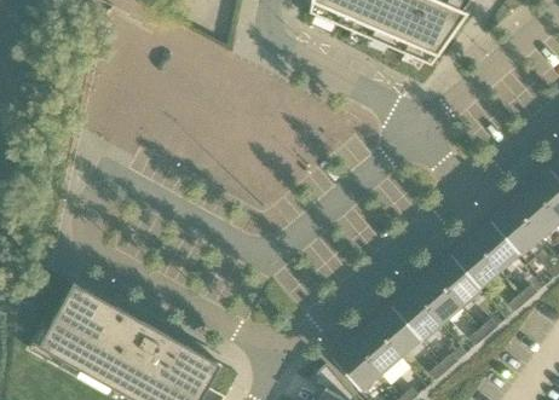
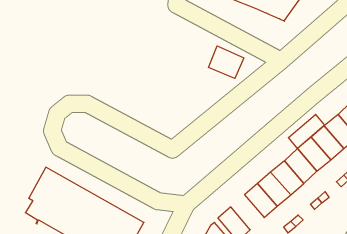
building: none -> [209,46,244,78]
building: none -> [288,114,325,148]
building: [352,325,402,377] -> none

